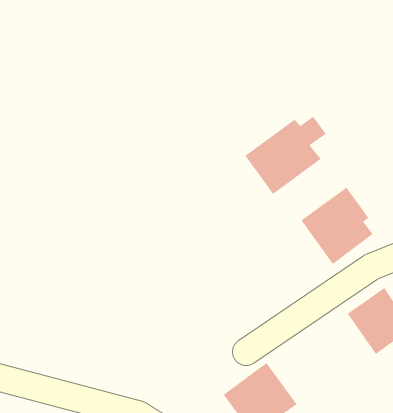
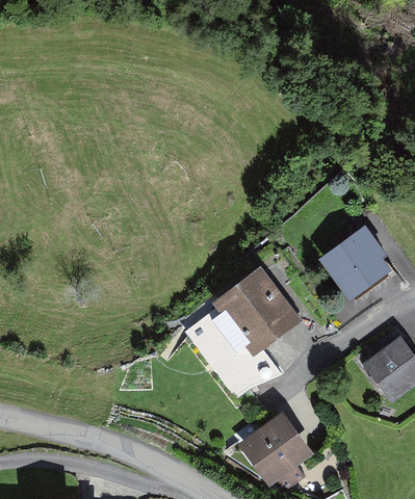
building: [245,116,326,195] -> none
building: none -> [211,273,301,364]

